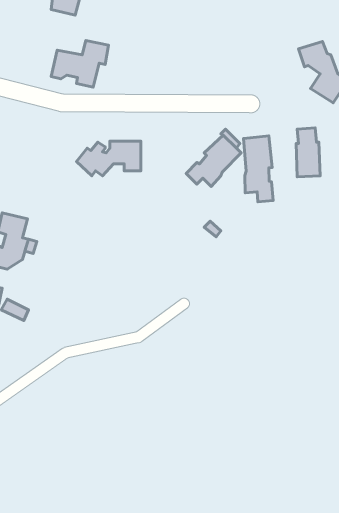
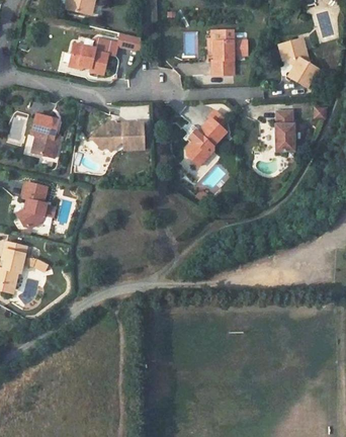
building: none -> [210,31,246,75]
building: none -> [29,114,60,159]
building: [243,136,273,202] -> none

